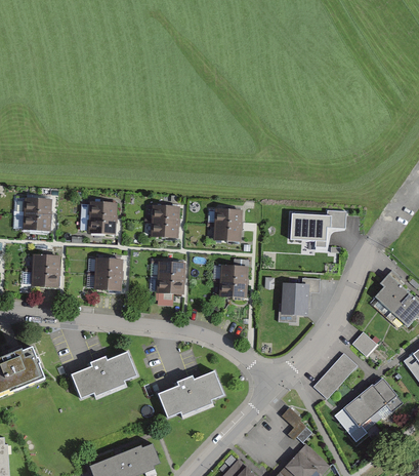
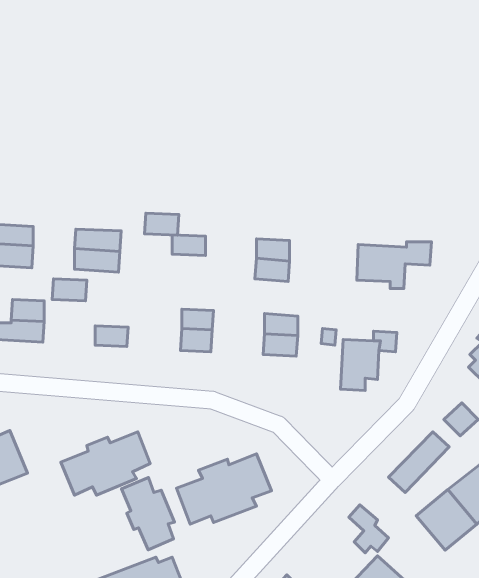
building: [152,220,177,236] -> [145,213,179,235]
building: [95,257,121,274] -> [52,279,87,301]
building: none -> [121,478,174,550]

